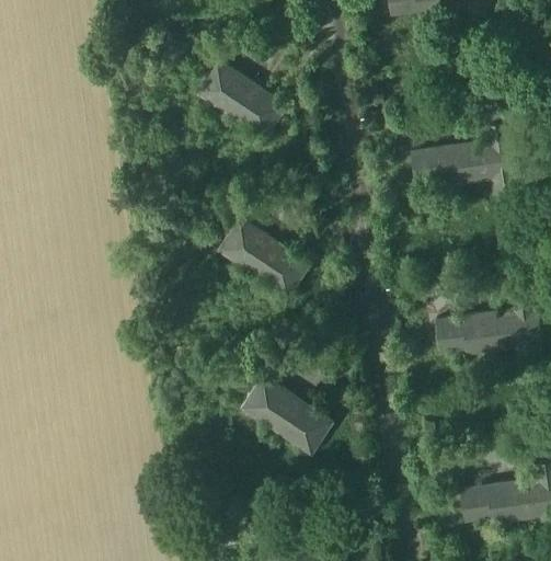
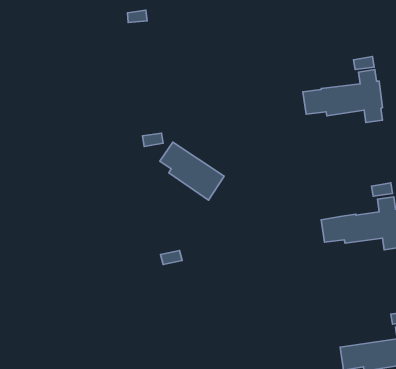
building: [198,61,284,138] -> none
building: [244,377,330,454] -> none

